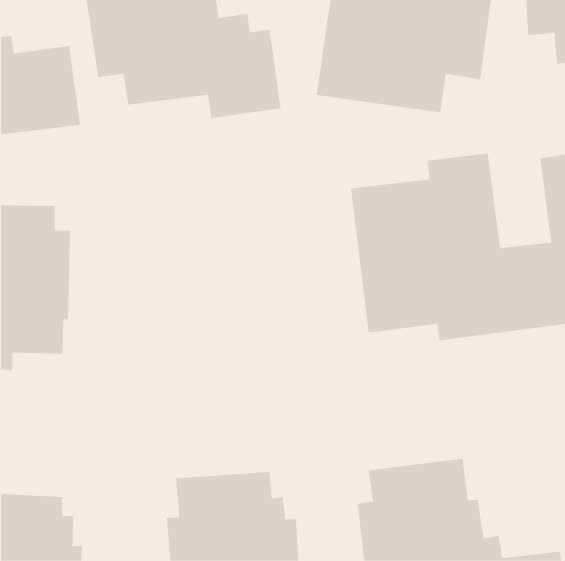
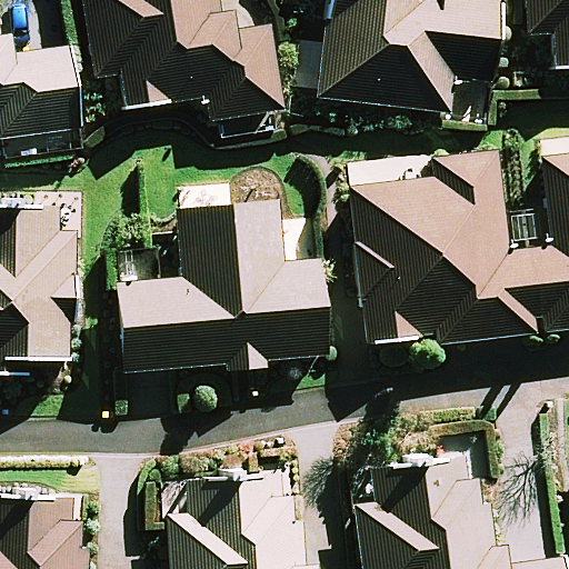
building: none -> [113,206,326,368]

